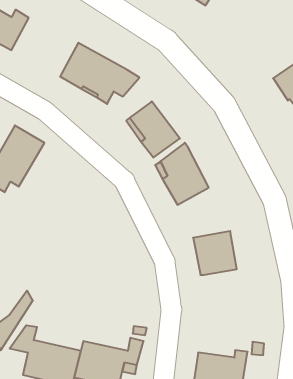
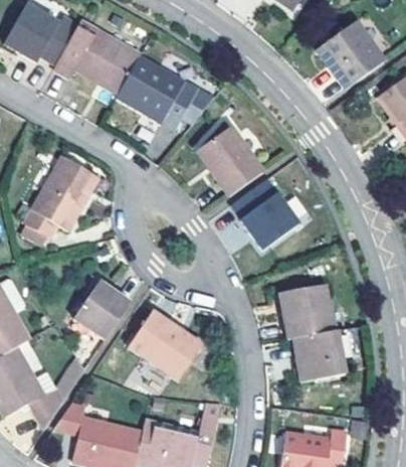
building: none -> [54,21,139,93]
building: none -> [316,21,384,90]
building: none -> [72,281,130,339]
building: none -> [129,309,202,379]
building: none -> [291,328,354,381]

